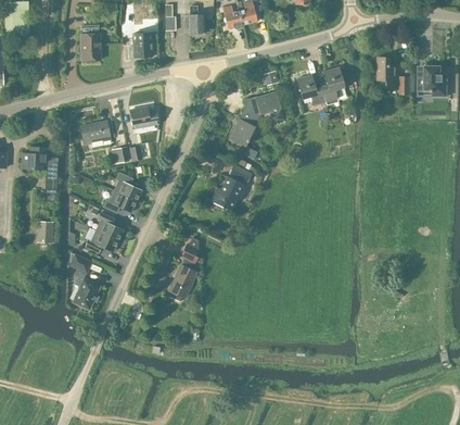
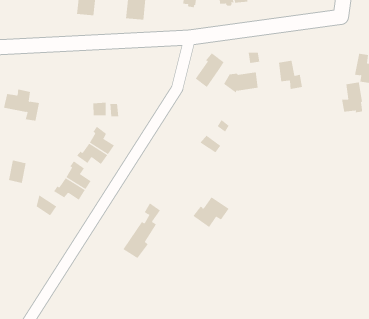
building: [321,67,345,101] -> [341,82,363,113]
building: [129,108,157,128] -> none
building: [230,110,258,147] -> [195,53,225,88]
building: [79,121,110,146] -> none
building: [210,177,247,210] -> [192,196,229,228]
building: [73,277,100,310] -> none

